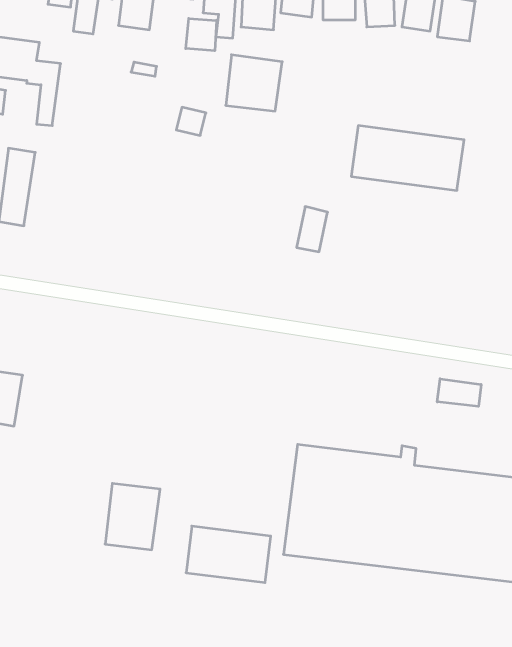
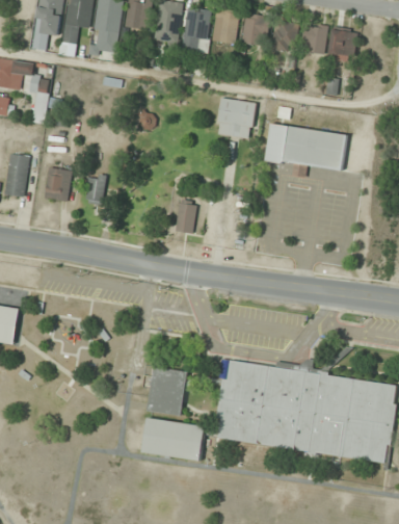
building: [186,18,216,51] -> none
building: [226,55,282,111] -> [215,98,257,139]
building: none -> [44,166,72,202]
building: none -> [84,174,104,206]
building: [297,207,328,252] -> [174,200,196,233]
building: [437,379,481,406] -> none
building: [105,483,160,550] -> [147,367,187,416]

